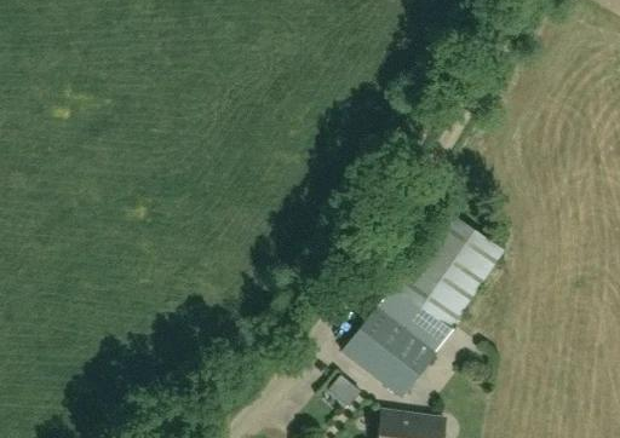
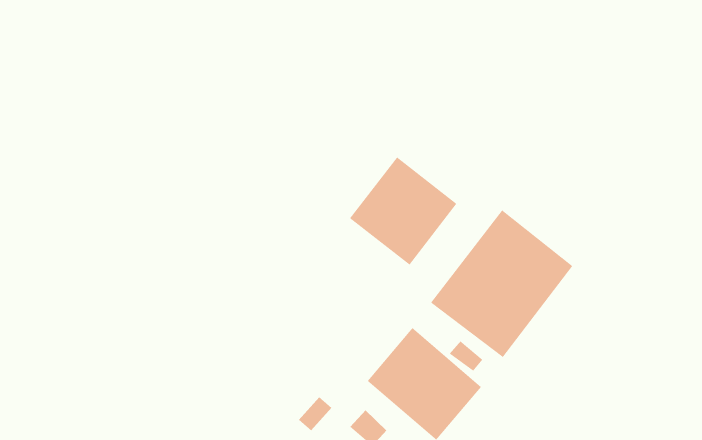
building: none -> [349,157,457,266]

